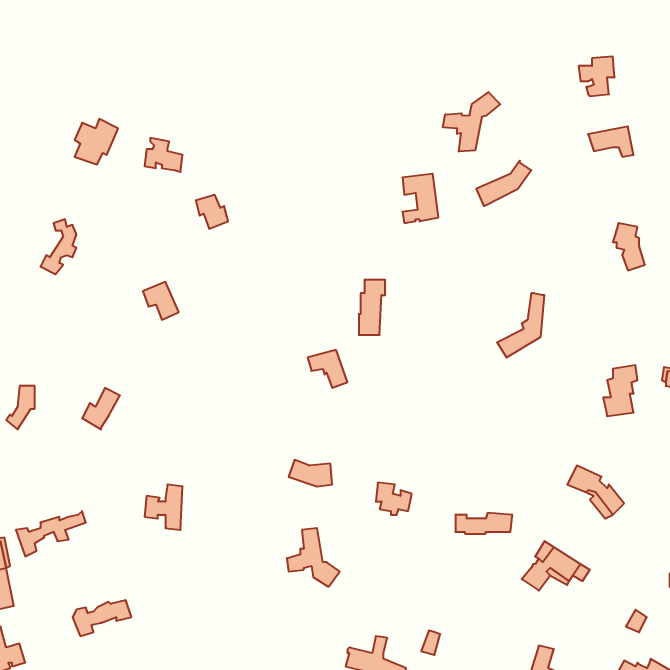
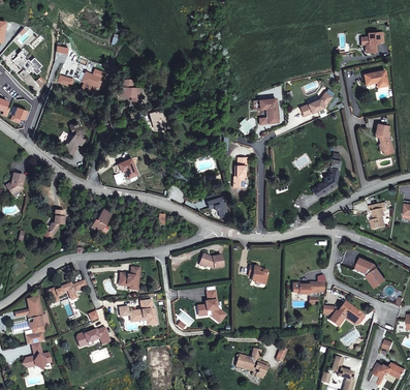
building: [443,92,500,152] -> none
building: none -> [123,300,160,324]

